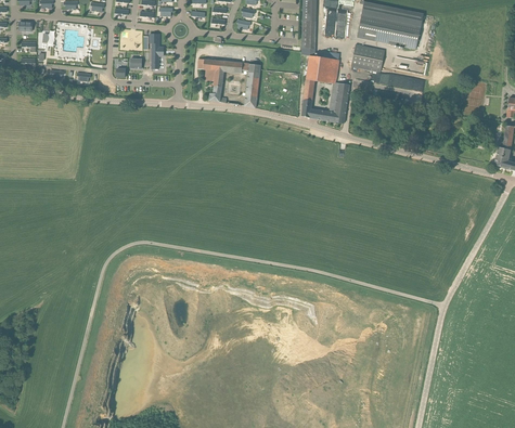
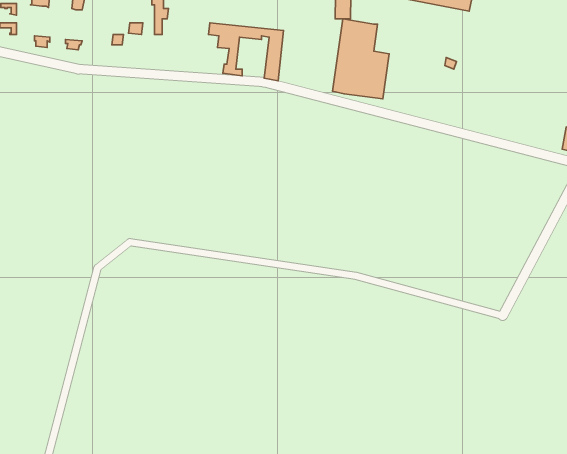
building: [350,44,384,70] -> none

